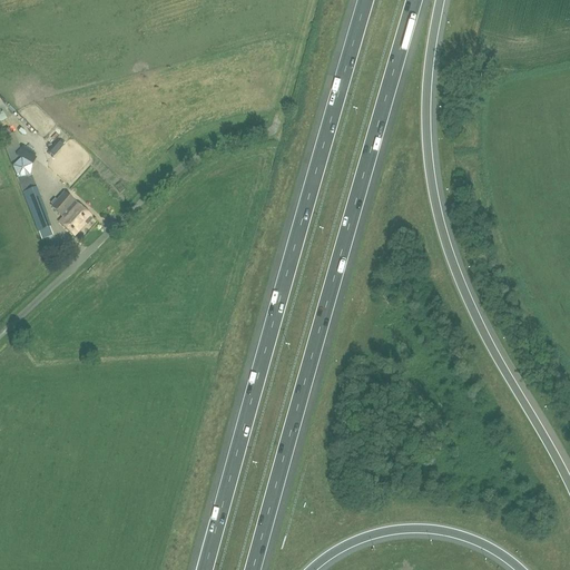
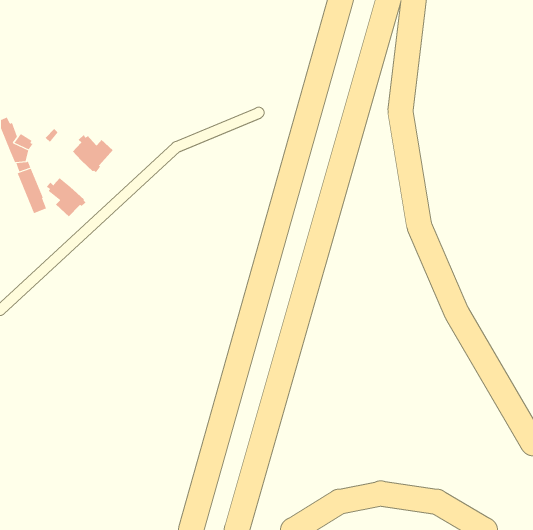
building: none -> [72,134,113,173]

